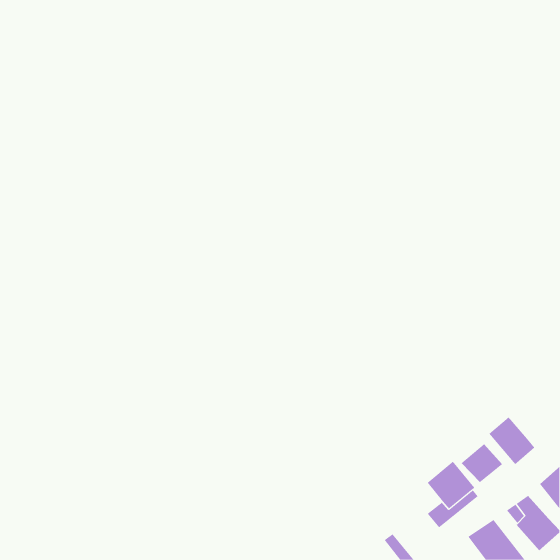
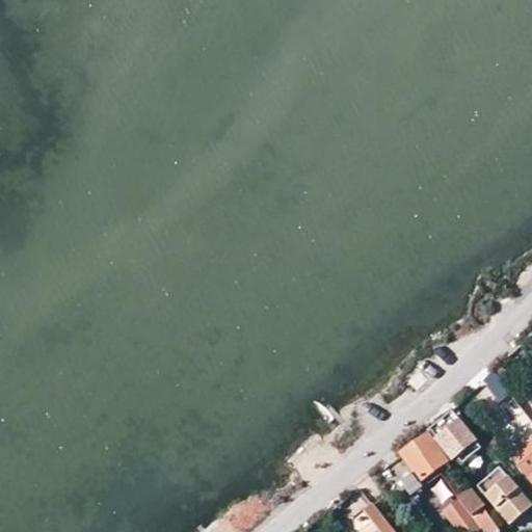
building: [488,416,535,465] -> none

